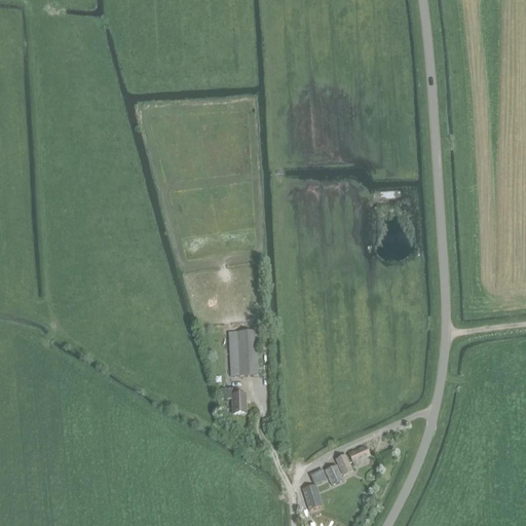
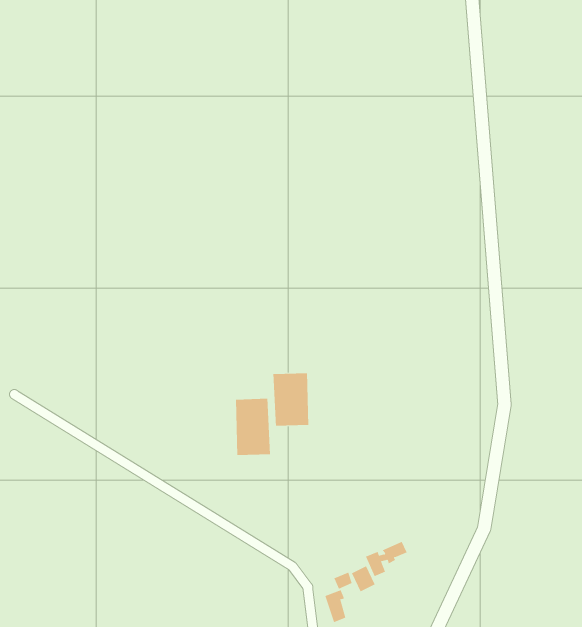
building: none -> [273,372,309,427]
building: [219,387,245,413] -> none

